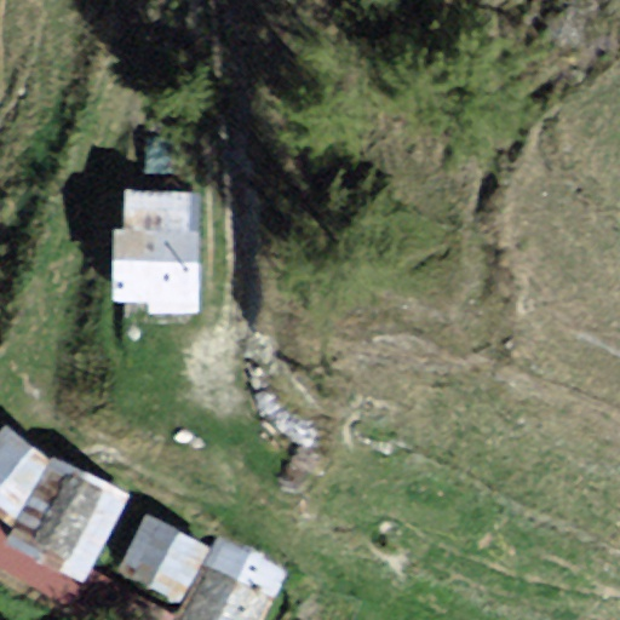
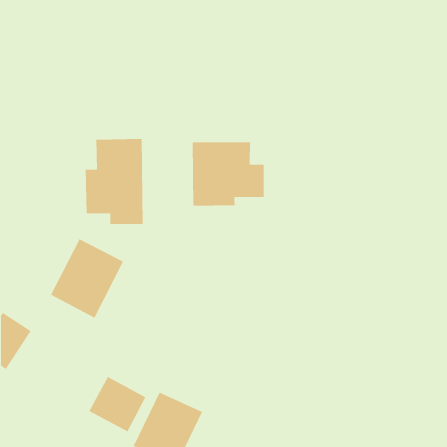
building: none -> [192,141,264,207]
building: [19,465,121,575] -> [50,239,124,318]

